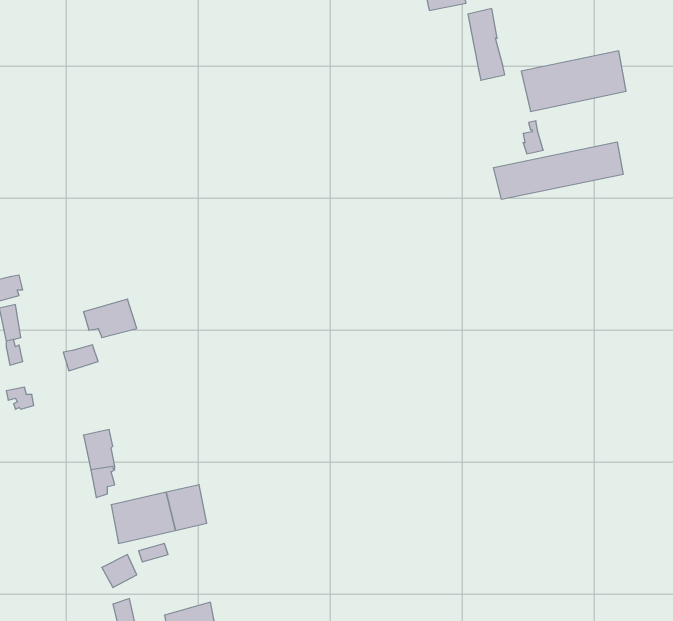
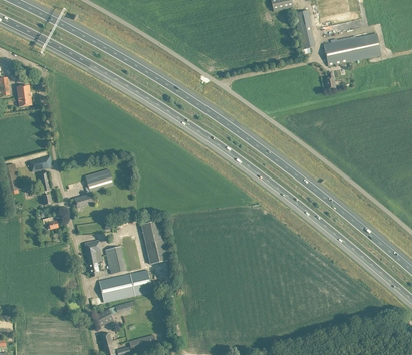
building: [494,142,623,199] -> none
building: none -> [141,220,169,263]
building: none -> [105,246,125,274]

